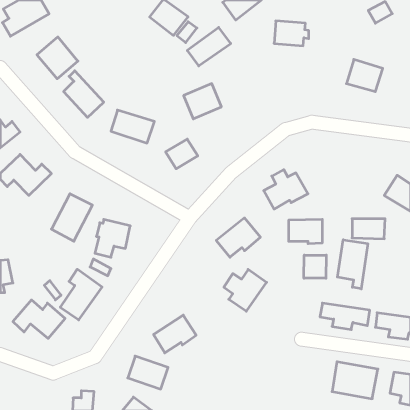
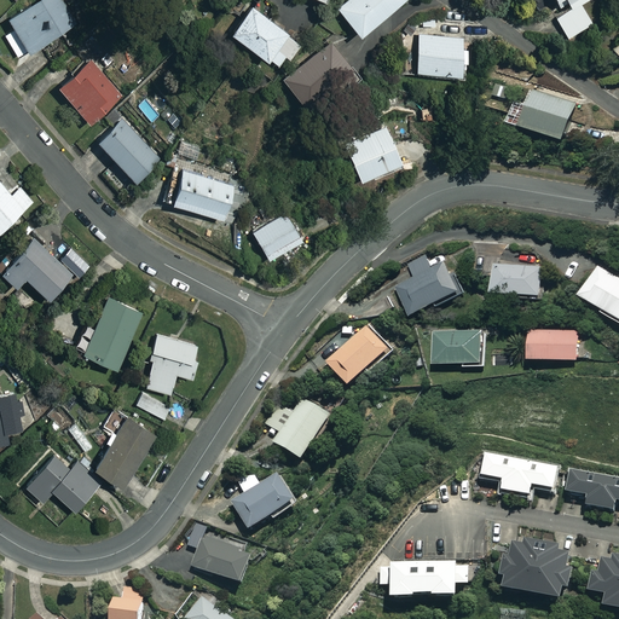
building: [184,84,221,119] -> [342,125,399,178]
building: none -> [493,262,546,297]
building: [337,240,368,289] -> none
building: [304,255,326,278] -> none
building: [224,269,267,311] -> [267,399,331,462]
building: none -> [381,565,469,600]

